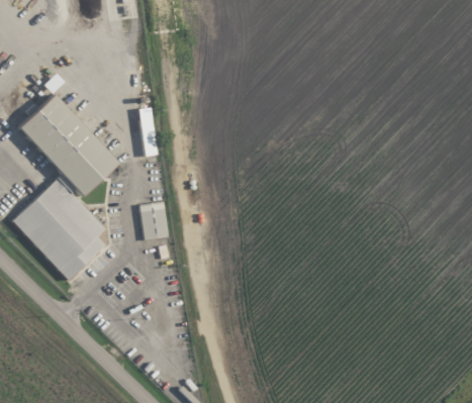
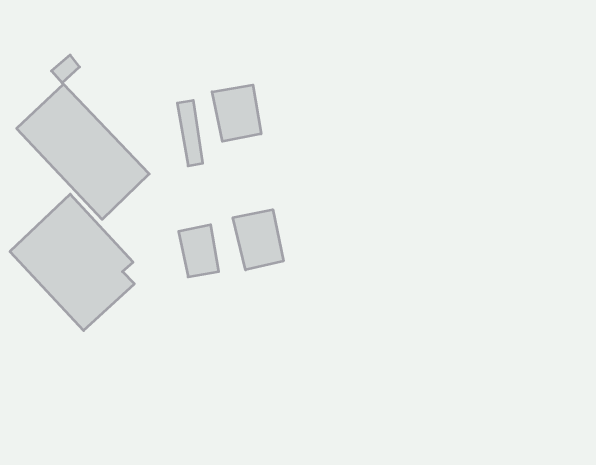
building: none -> [212,85,261,141]
building: none -> [233,210,283,270]

